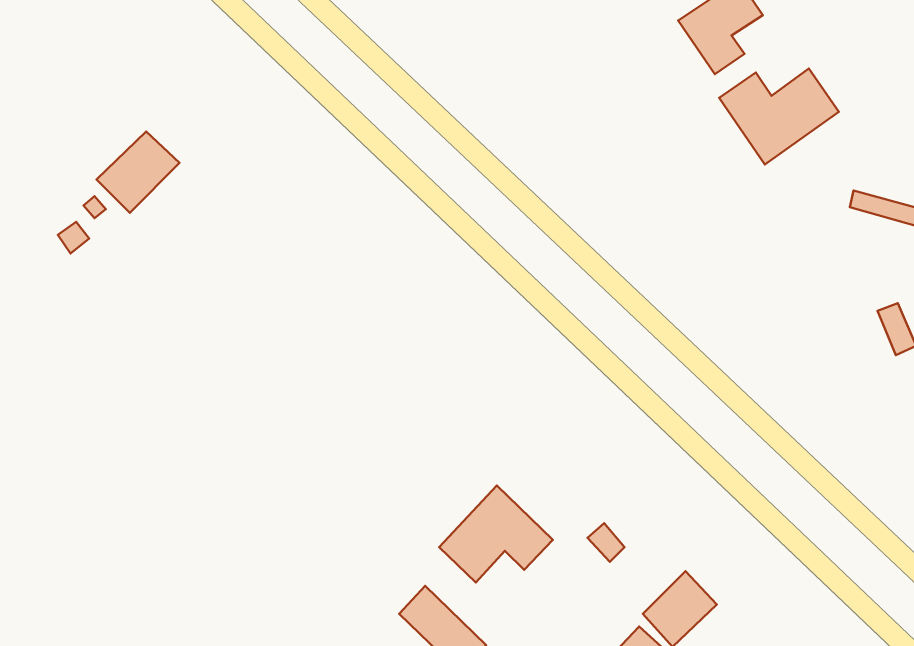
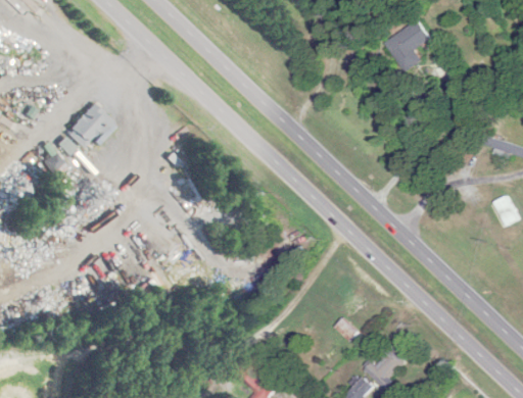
building: [719,69,839,164] -> none
building: [439,485,553,583] -> none

